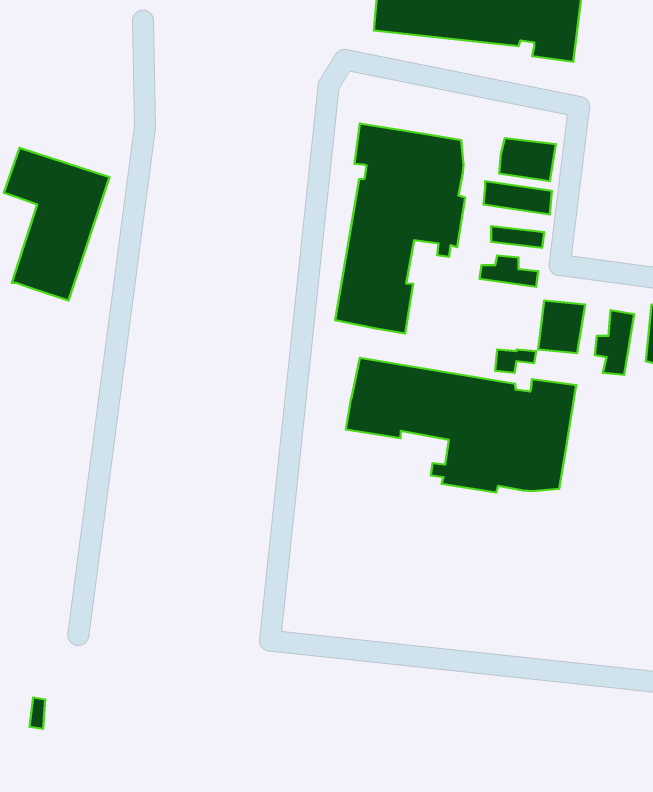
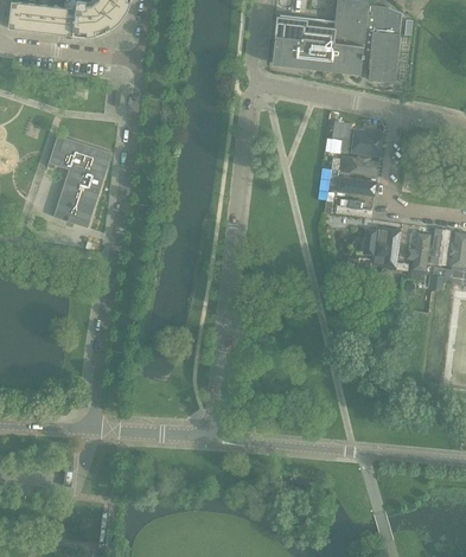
building: [335,123,465,333] -> none
building: [346,358,576,493] -> none

